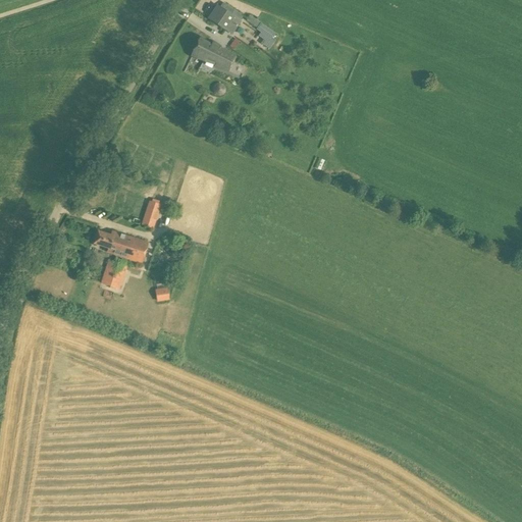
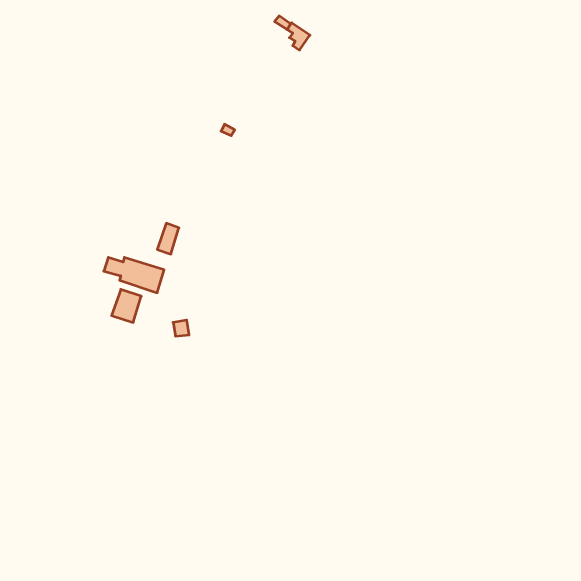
building: [209,4,241,33] -> none
building: [192,37,234,69] -> none

